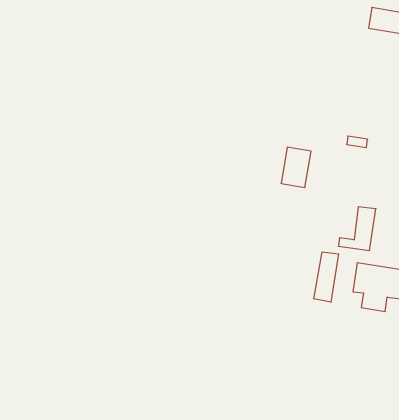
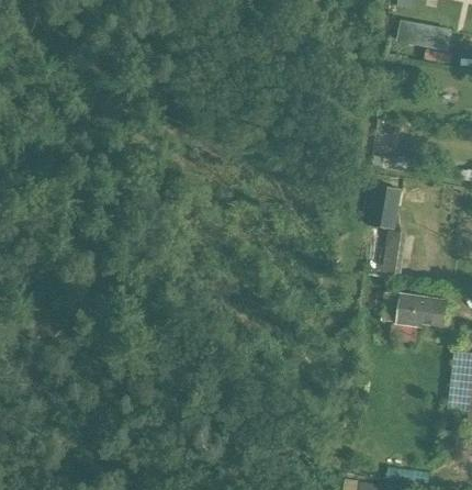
building: [281,147,311,188] -> [369,186,401,229]
building: [314,252,339,302] -> none

